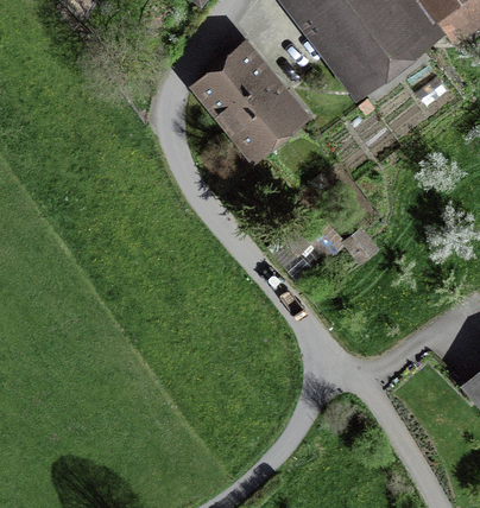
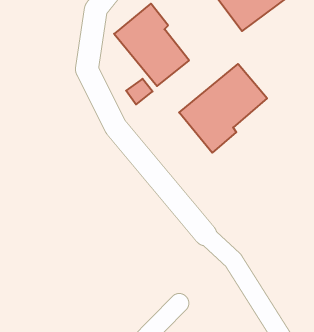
building: none -> [179,64,267,153]

